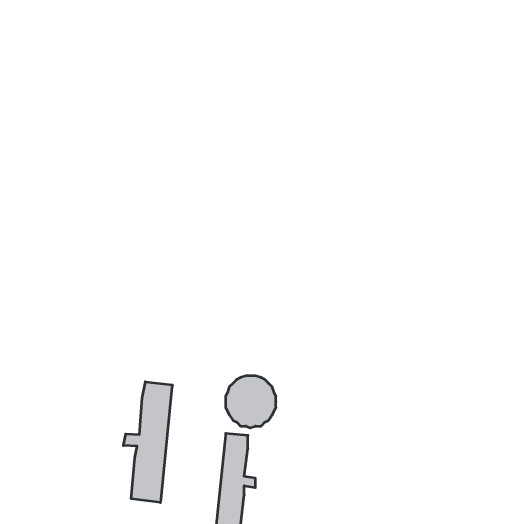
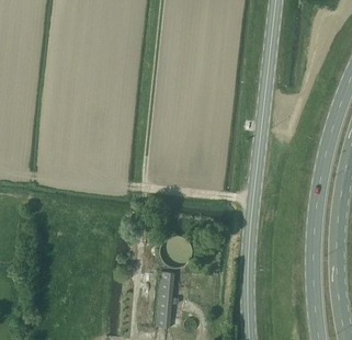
building: [123,382,172,503] -> none

